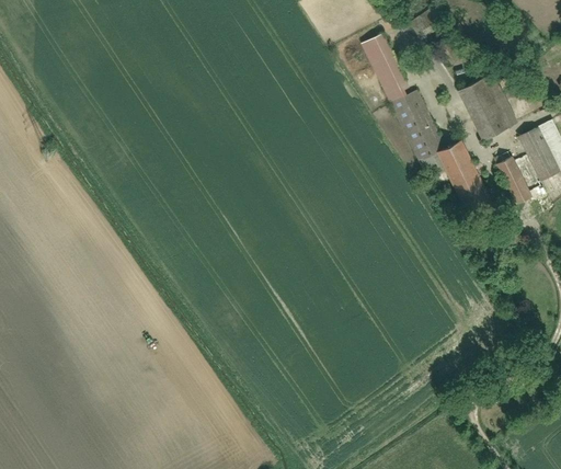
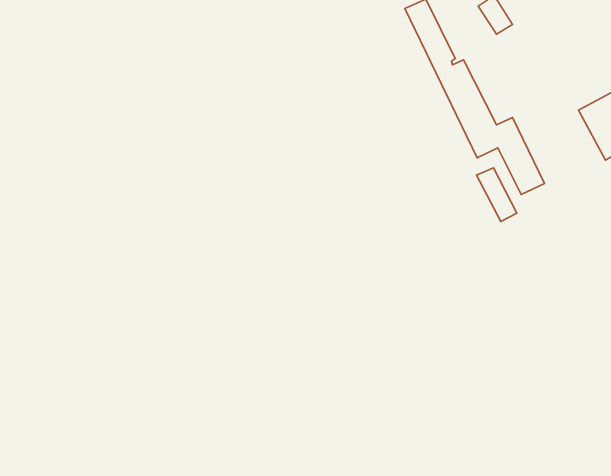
building: [460,71,519,138] -> none
building: [496,155,533,203] -> [476,168,517,222]

